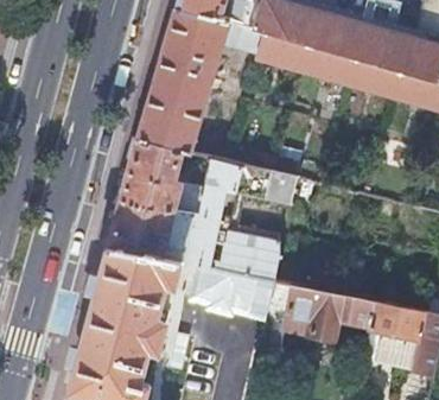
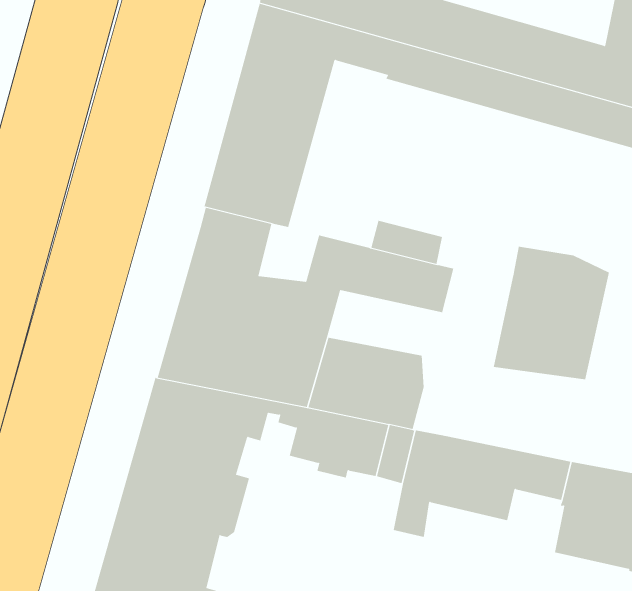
building: none -> [493,246,610,380]

